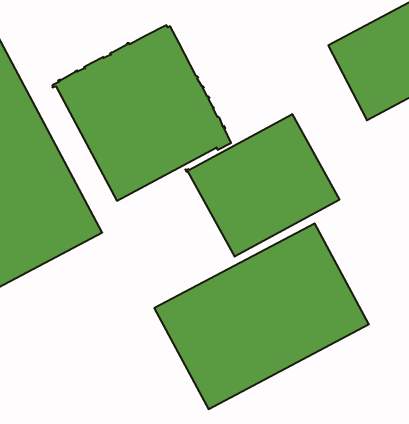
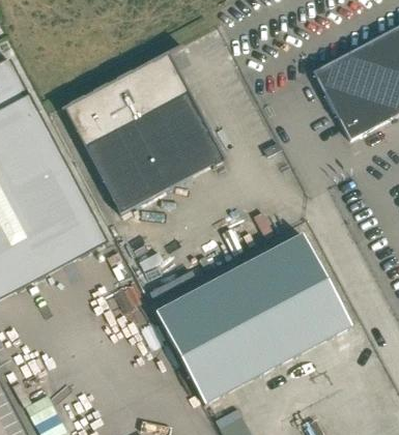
building: [185,114,339,257] -> none

